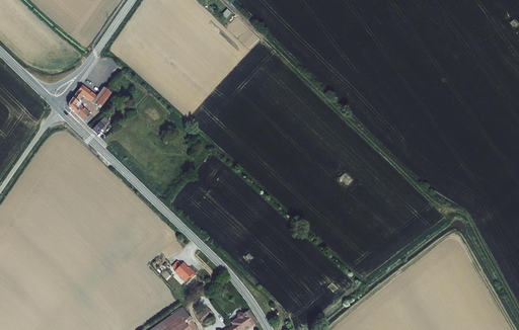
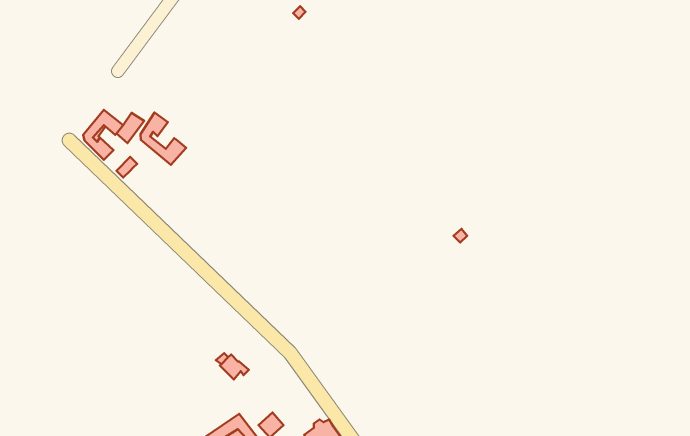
building: none -> [140,112,186,165]

